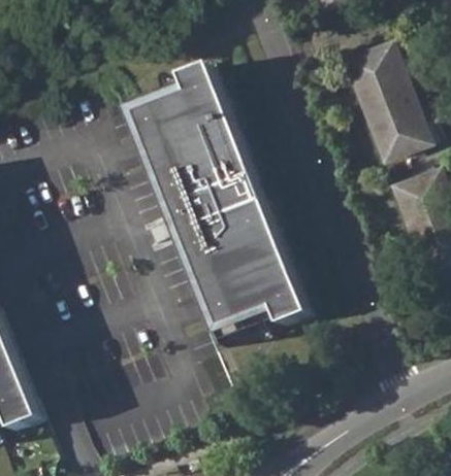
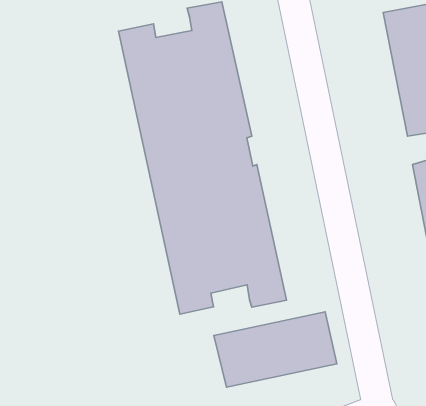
building: none -> [214,312,337,387]

